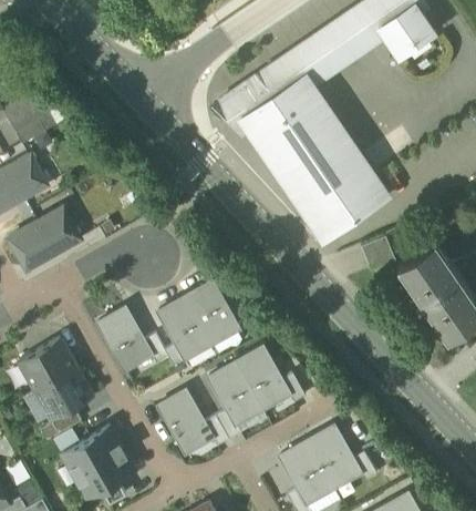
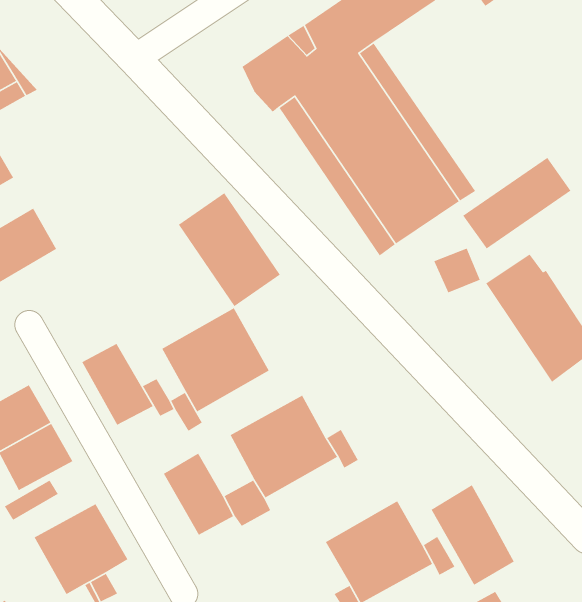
building: none -> [462,157,571,249]
building: none -> [178,192,281,307]
building: none -> [430,484,515,586]

